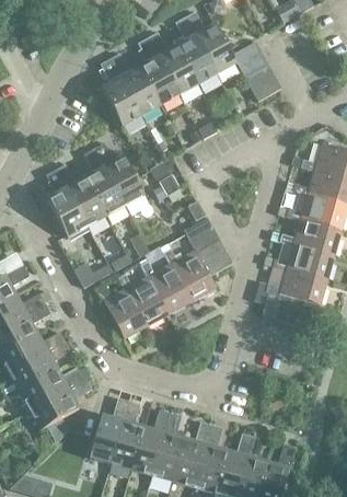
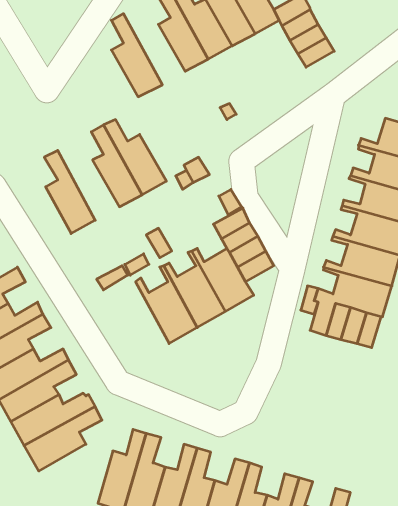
building: [109,51,160,115] -> none
building: [56,163,106,226] -> none
building: [94,276,147,338] -> none

